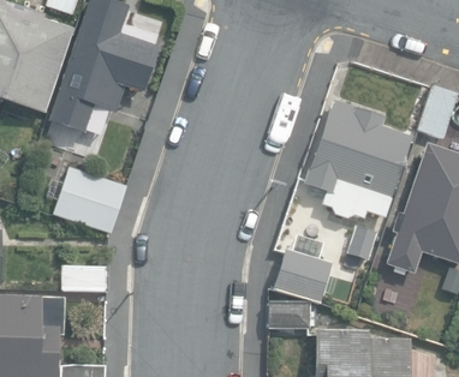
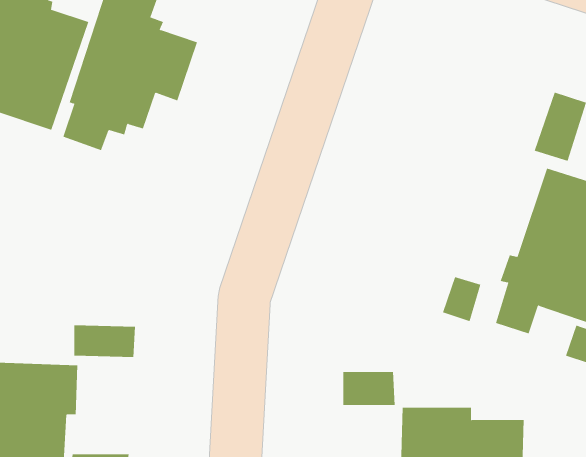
building: [305,101,412,219] -> none
building: [53,164,127,233] -> none
building: [273,249,332,303] -> none

